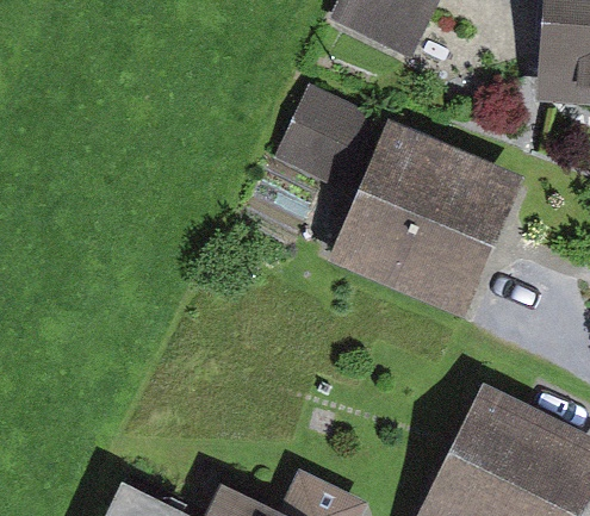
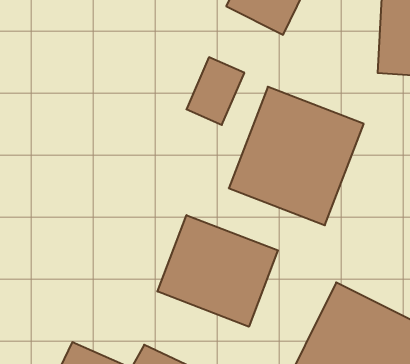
building: none -> [157,215,278,327]

